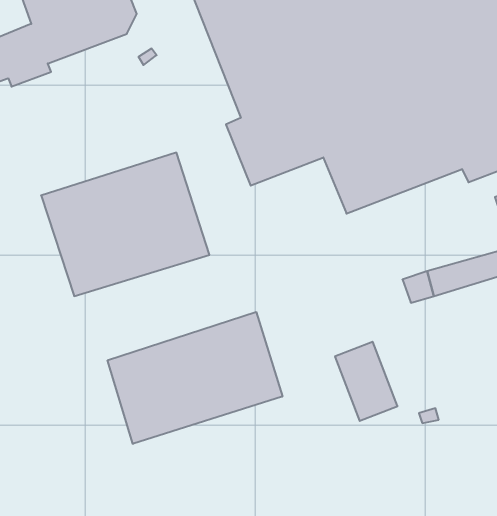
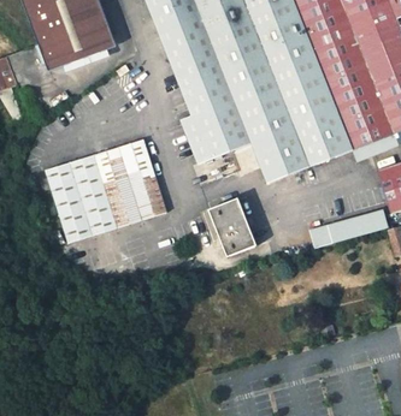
building: [108,312,282,444] -> none
building: [335,342,398,421] -> [210,198,255,256]

